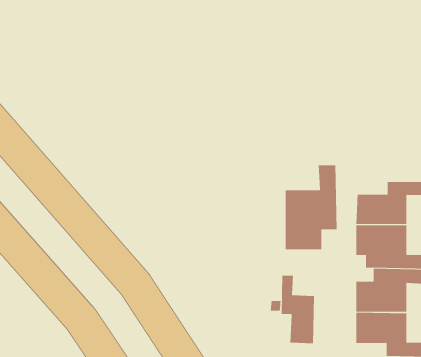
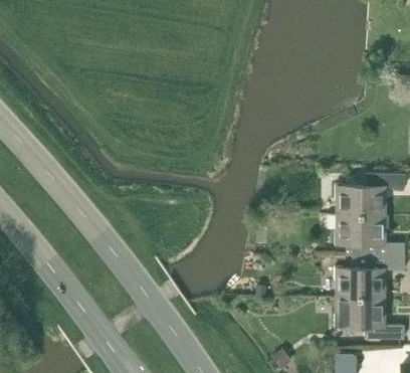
building: [285,164,337,250] -> none
building: [281,275,315,344] -> none

